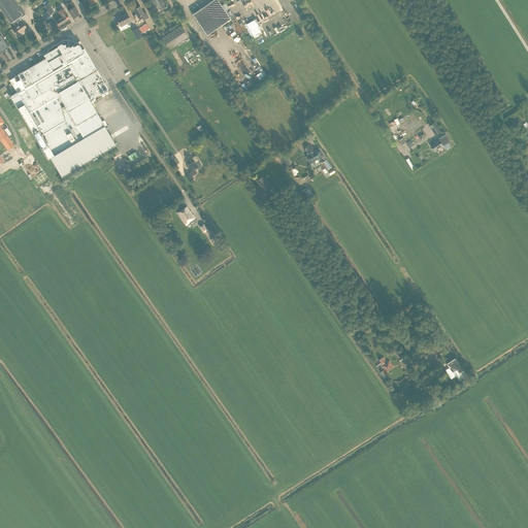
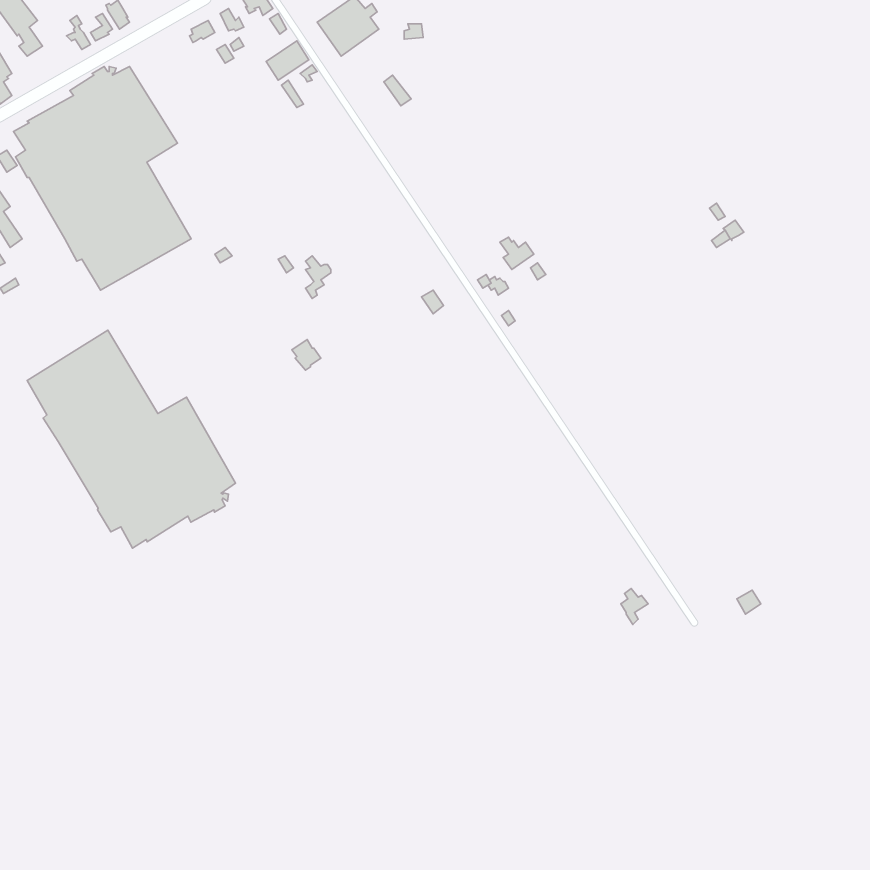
building: none -> [27,330,235,548]

